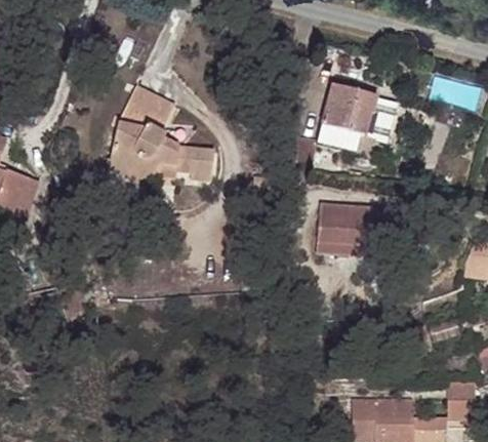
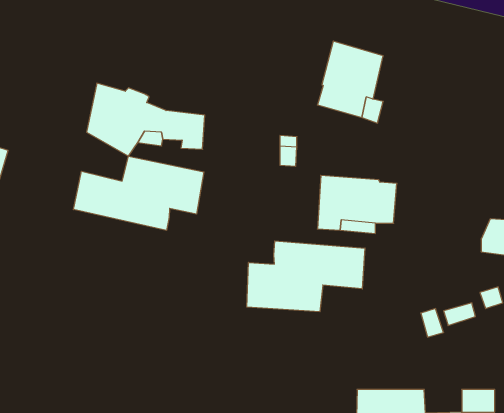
building: [118,82,174,130] -> none
building: none -> [73,156,204,230]
building: none -> [247,241,365,312]

